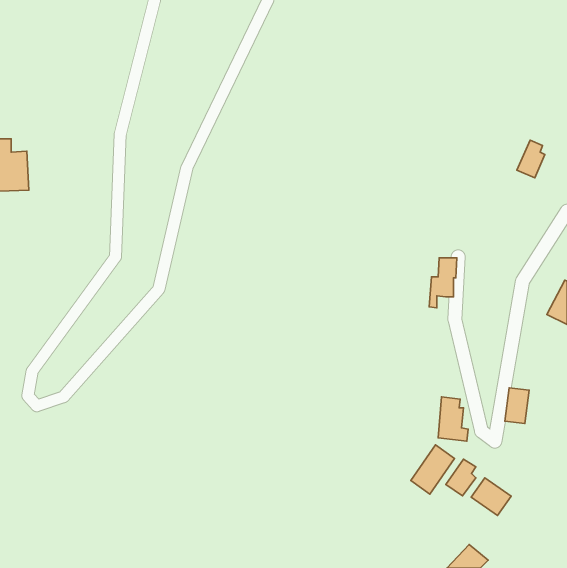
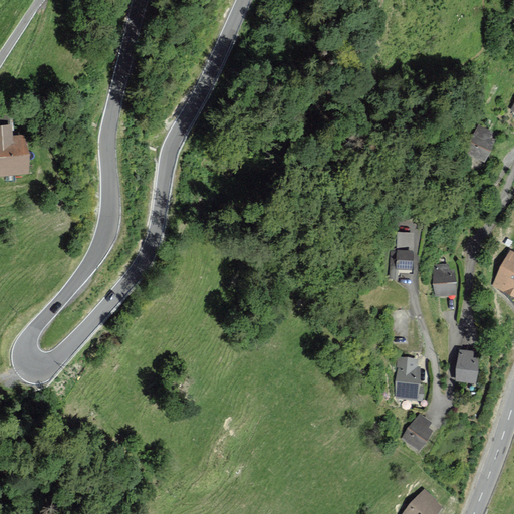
building: none -> [433,264,453,294]
building: [411,445,454,494] -> none
building: [471,478,511,515] -> none

